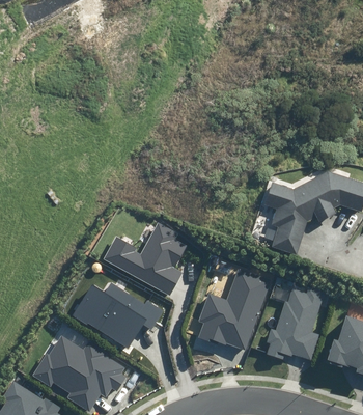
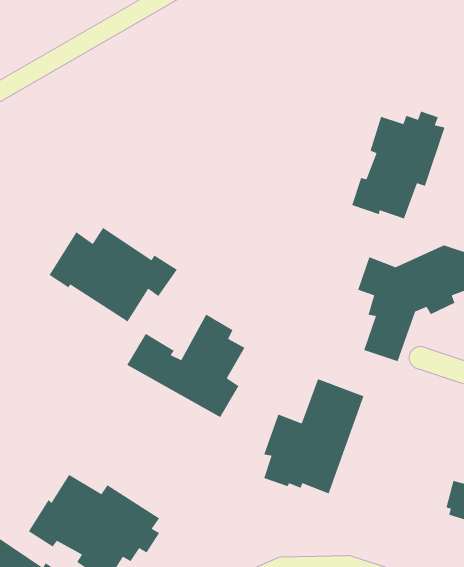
building: none -> [351,111,445,220]
building: [73,281,164,349] -> [48,227,178,322]
building: [267,286,324,359] -> none

